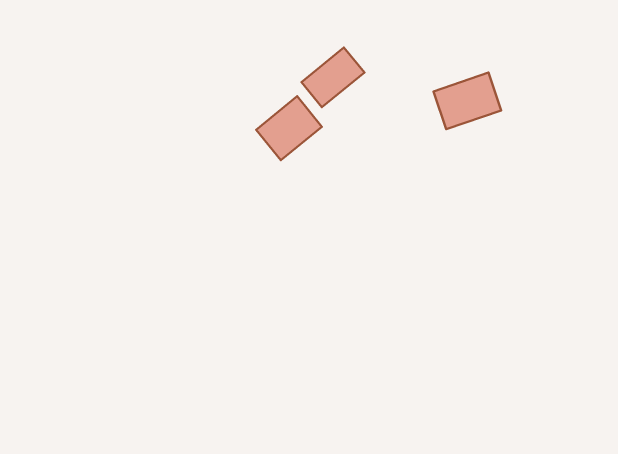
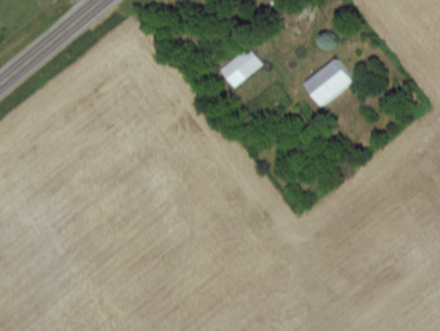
building: [256,96,322,160] -> none

